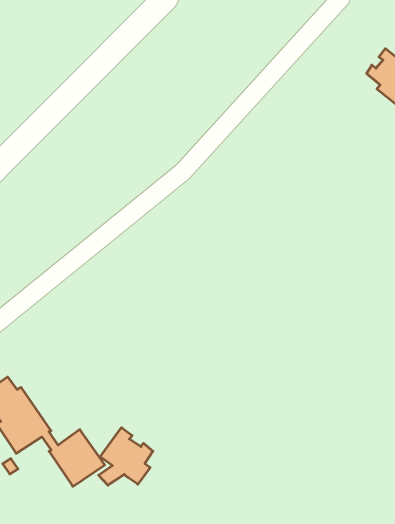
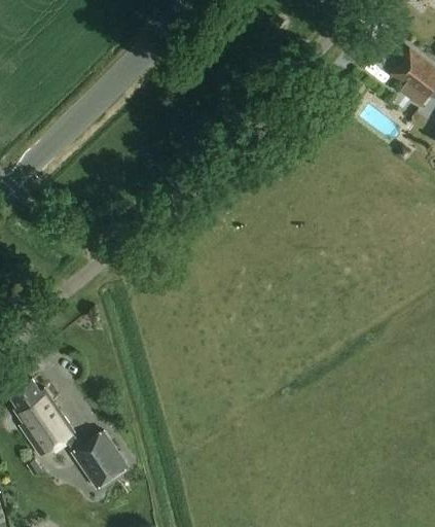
building: [99,428,153,485] -> none

